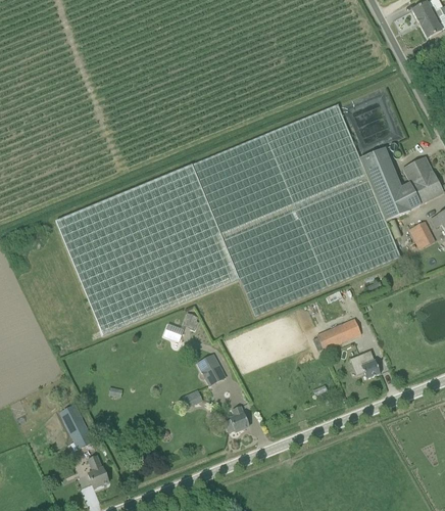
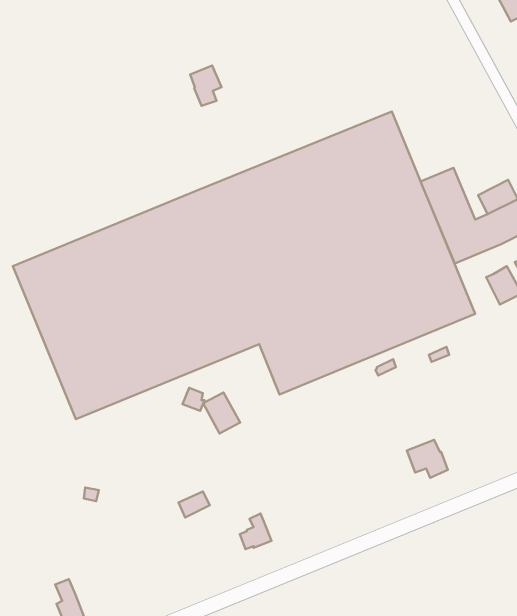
building: none -> [190,66,221,106]
building: [315,318,360,349] -> none
building: [197,354,225,384] -> [203,392,240,433]
building: [58,403,93,448] -> none

